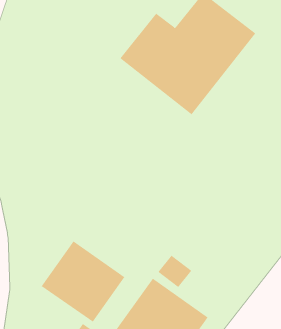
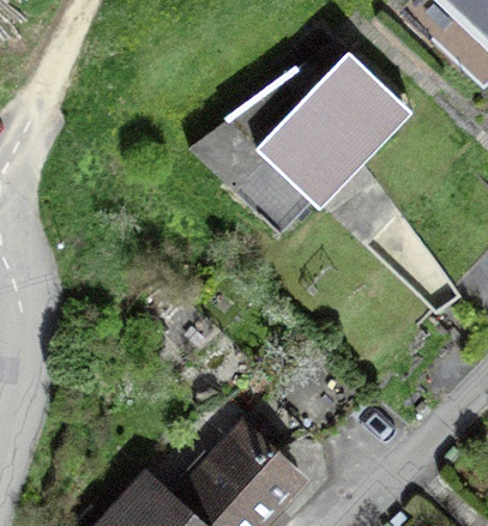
building: [41,240,125,322] -> none

